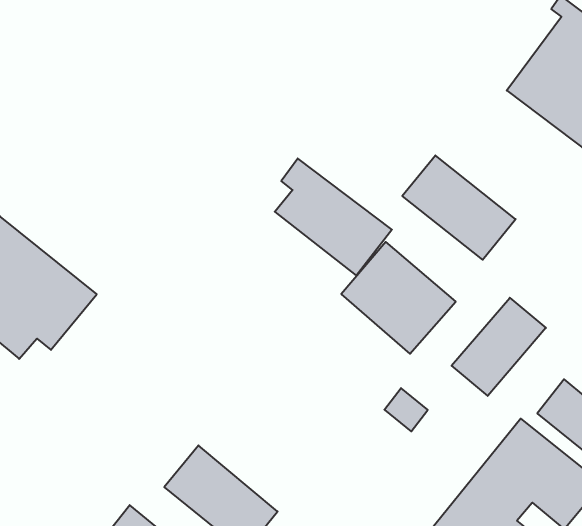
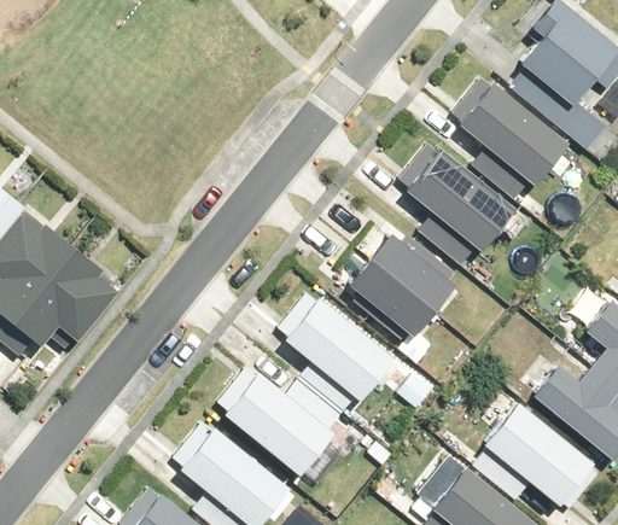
building: none -> [465,87,570,185]
building: [275,158,392,275] -> [284,291,395,402]
building: [452,298,546,396] -> none
building: none -> [226,373,343,478]

